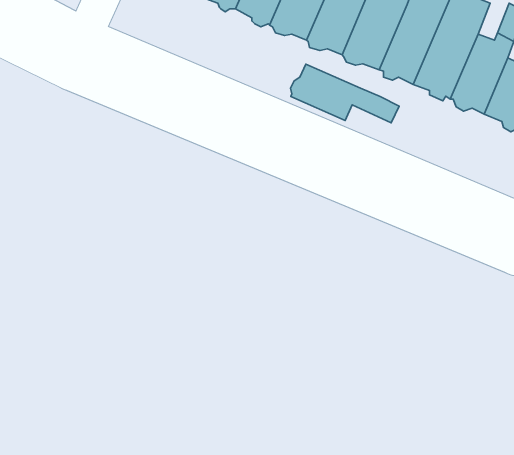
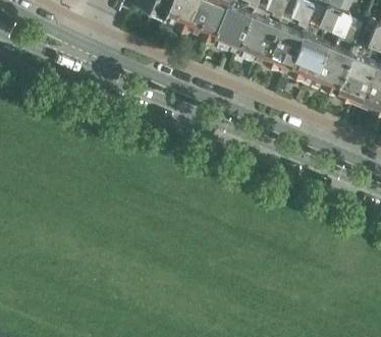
building: [290,64,399,123] -> none

